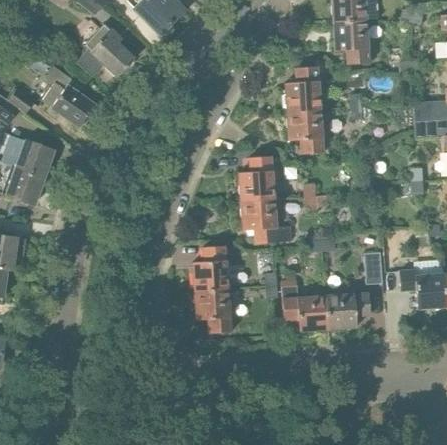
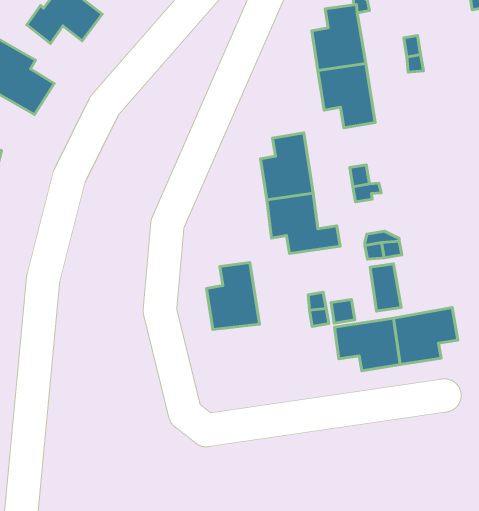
building: [364,250,384,283] -> [370,264,401,311]
building: [194,291,231,334] -> none

